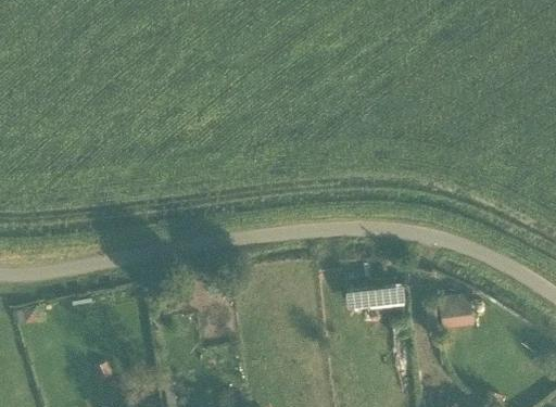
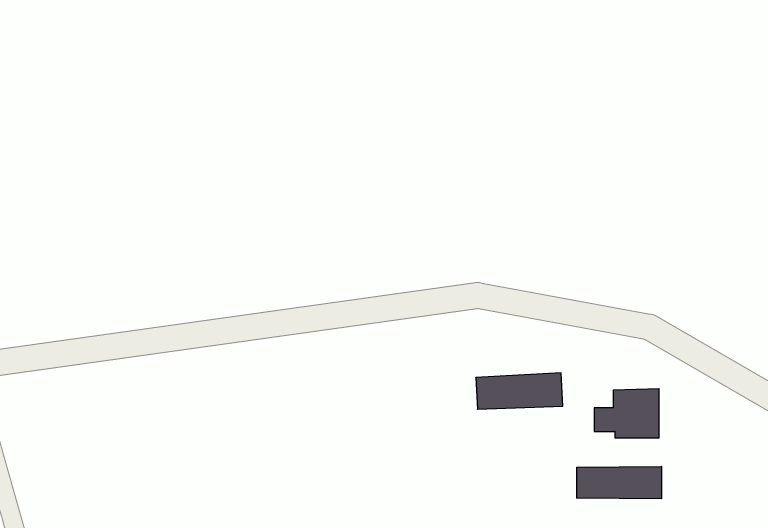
building: none -> [577,466,661,499]

